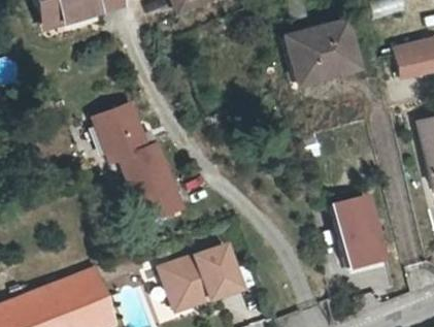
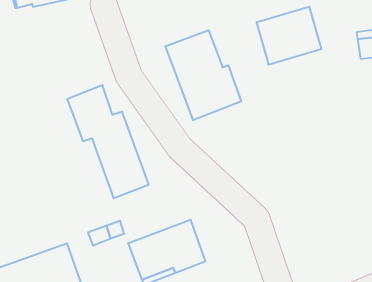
building: none -> [166,30,241,120]
building: [335,197,386,268] -> none

